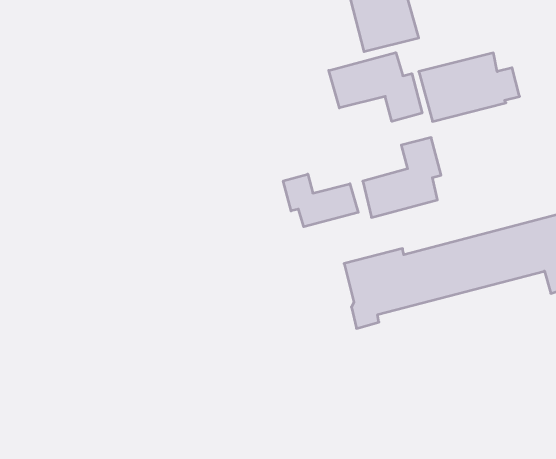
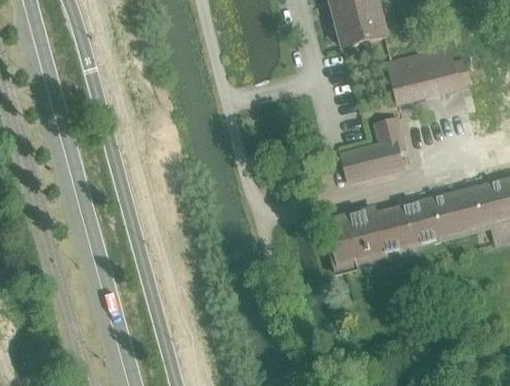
building: [329,53,422,121] -> none
building: [283,174,358,227] -> none

